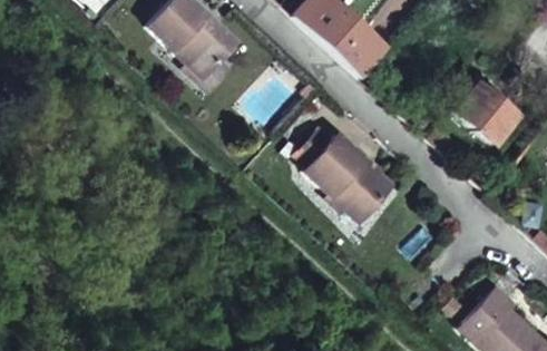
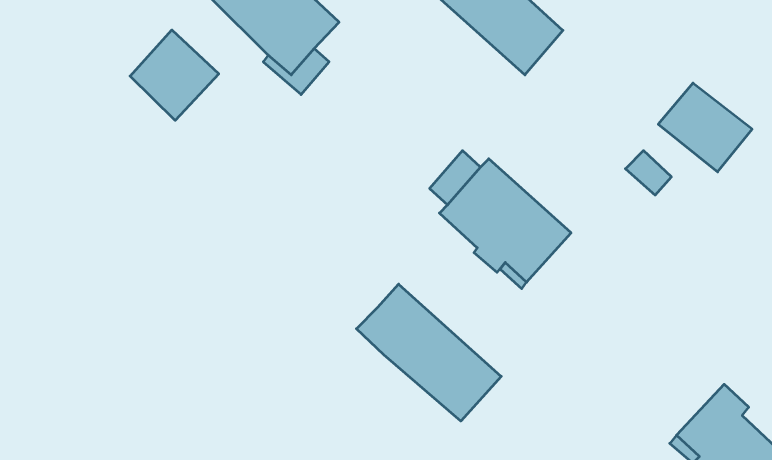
building: none -> [130,30,219,120]
building: none -> [356,284,501,421]

